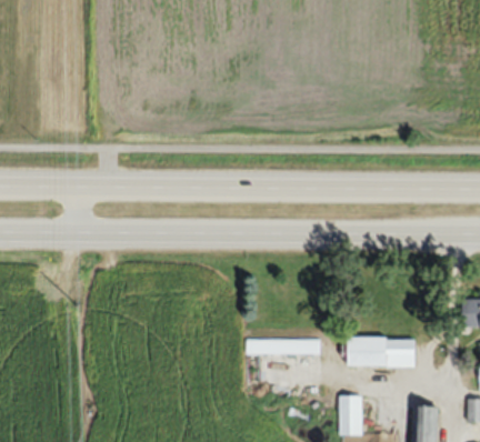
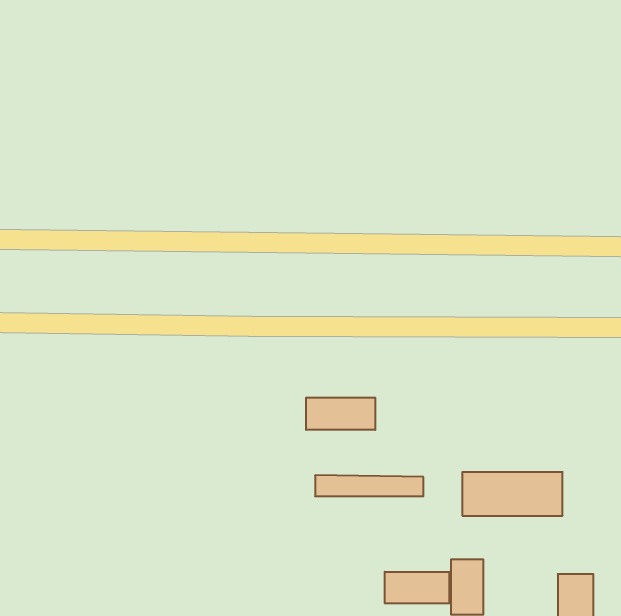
building: none -> [306,398,375,430]
building: none -> [385,572,449,603]

